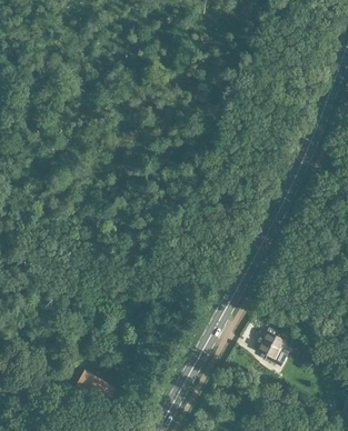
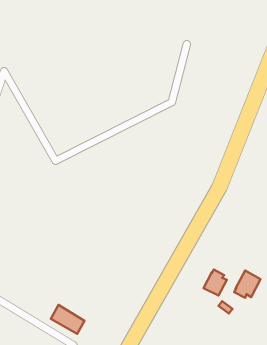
building: none -> [234,271,261,298]

